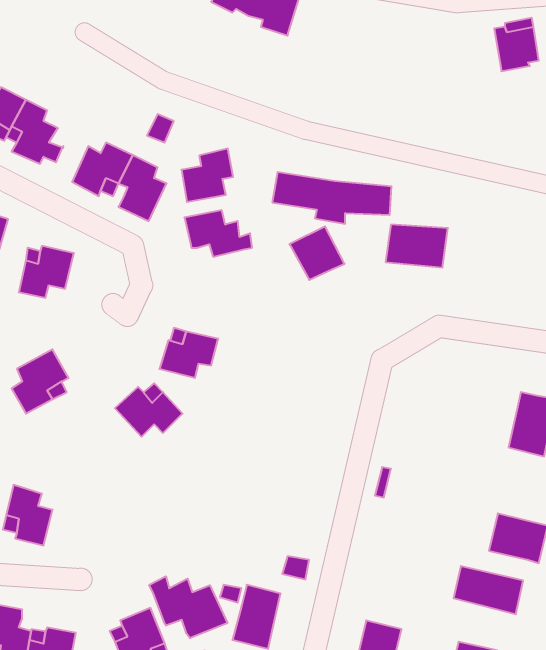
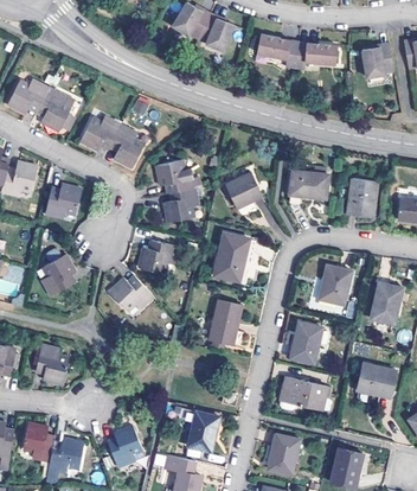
building: [181,148,233,202] -> [163,187,198,223]
building: [272,172,392,224] -> [256,27,335,62]
building: none -> [346,178,379,218]
building: none -> [213,232,250,282]
building: none -> [319,264,352,306]
building: none -> [208,300,243,345]
building: none -> [290,321,322,364]
building: [454,566,523,614] -> [281,377,327,409]
building: [149,576,227,638] -> none

